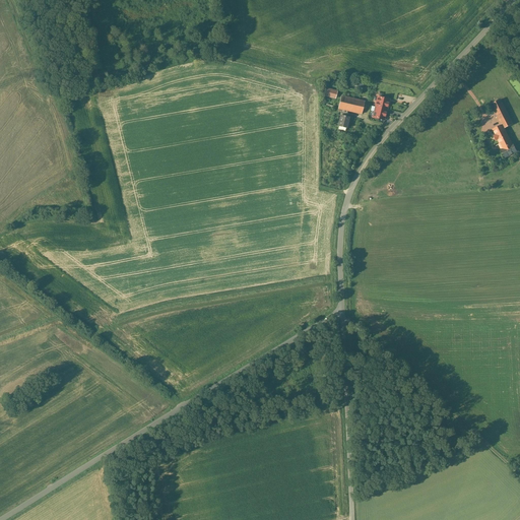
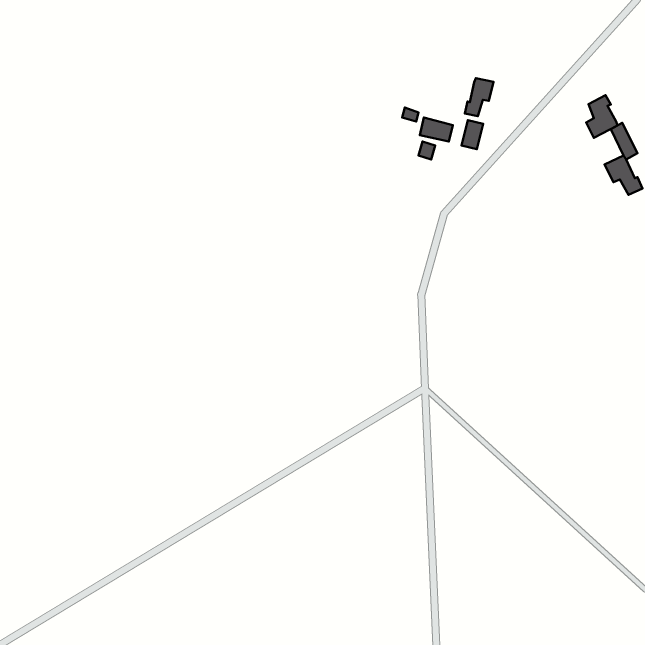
building: none -> [465,78,493,116]
building: none -> [586,95,617,138]

